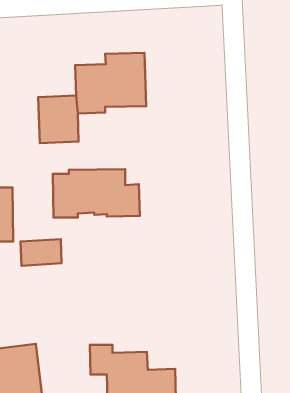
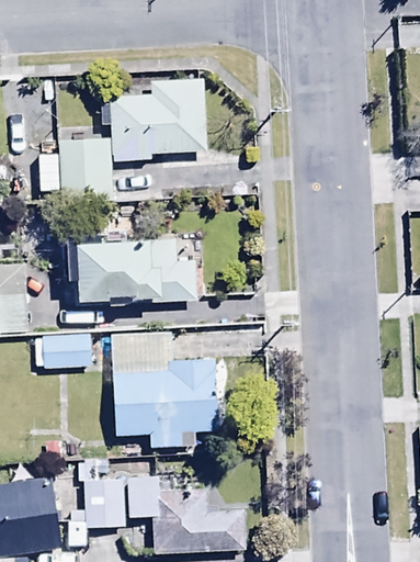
building: none -> [113,336,218,446]
building: none -> [83,477,123,526]

